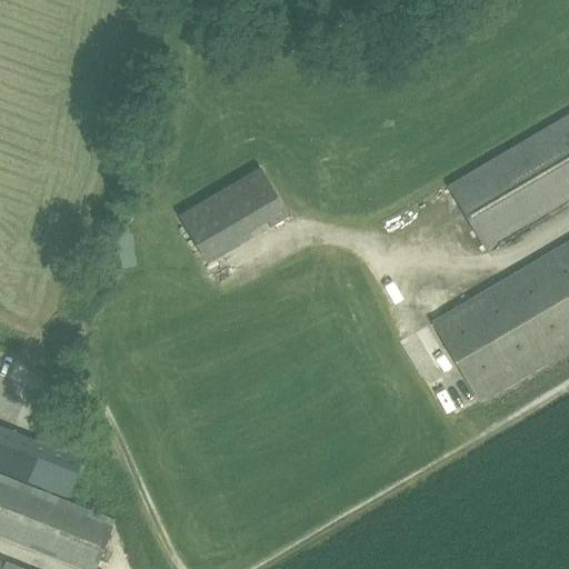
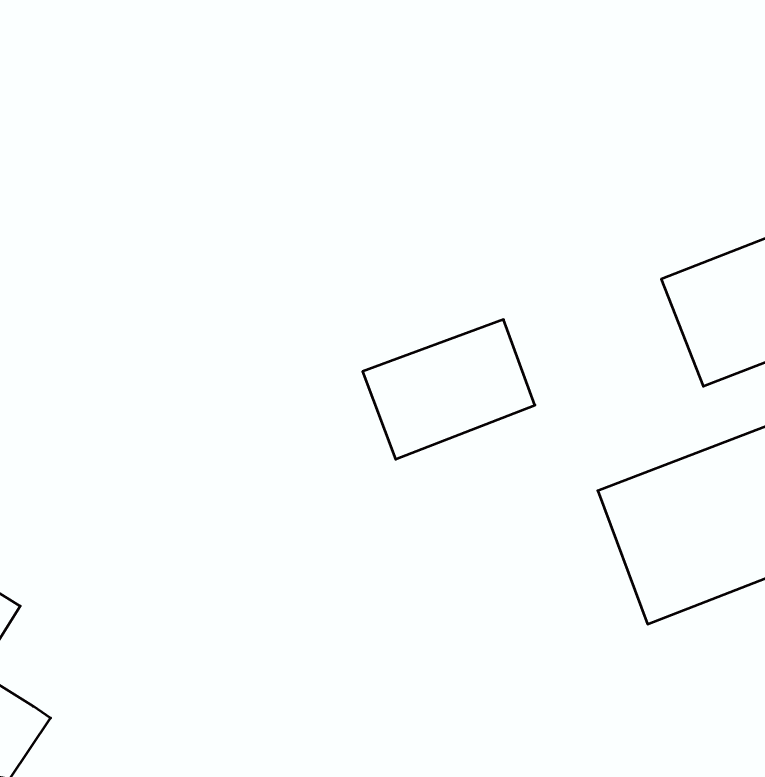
building: [179,166,290,264] -> [363,320,535,459]

